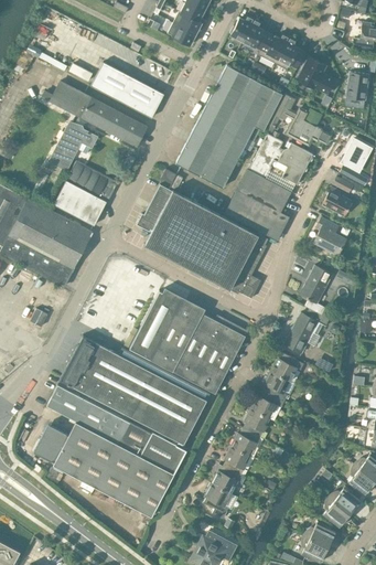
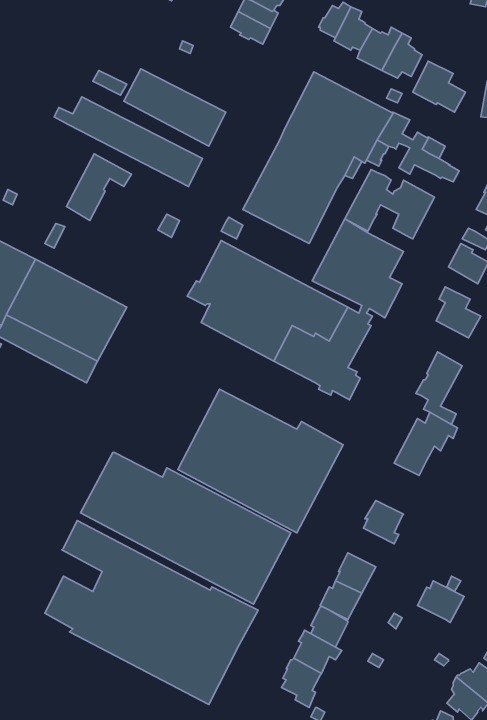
building: [53,161,117,225] -> none
building: [270,353,303,381] -> none
building: [250,391,283,420] -> [418,581,464,623]

